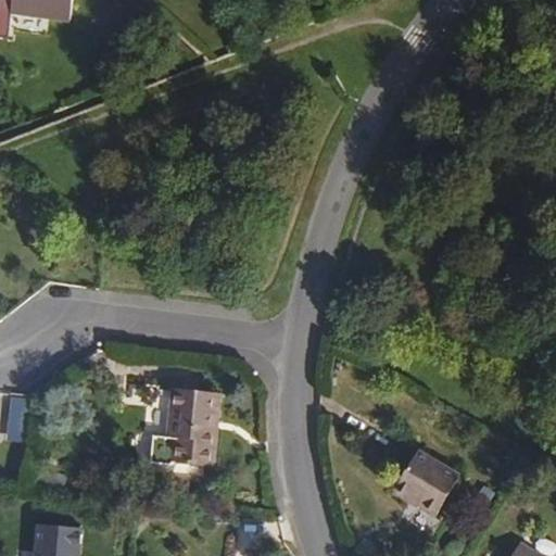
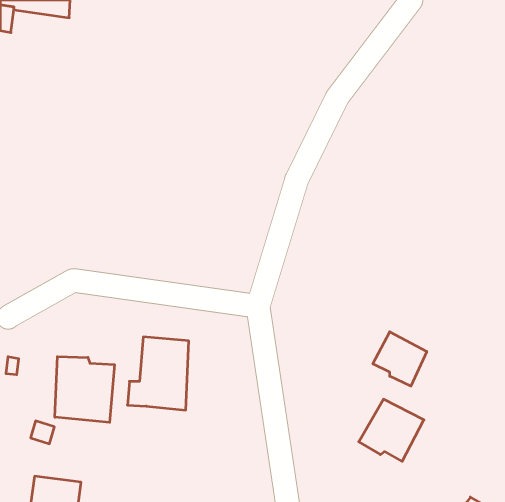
building: none -> [373,332,427,386]
building: none -> [55,357,114,422]

